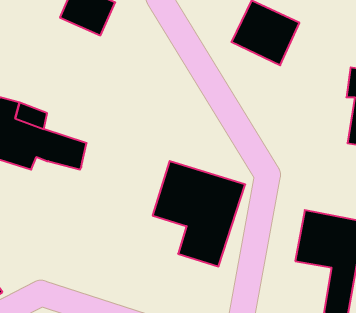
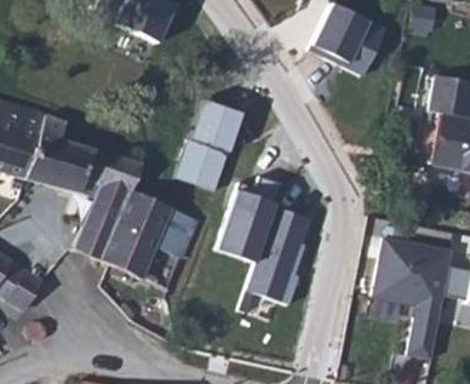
building: none -> [173,97,241,190]
building: none -> [74,185,197,291]

